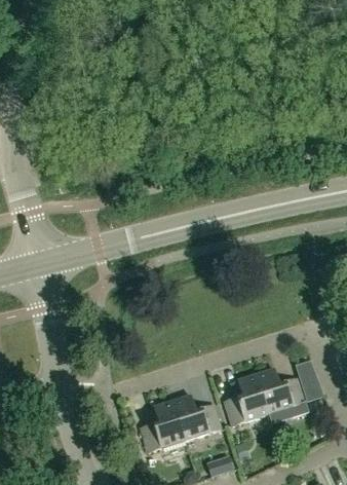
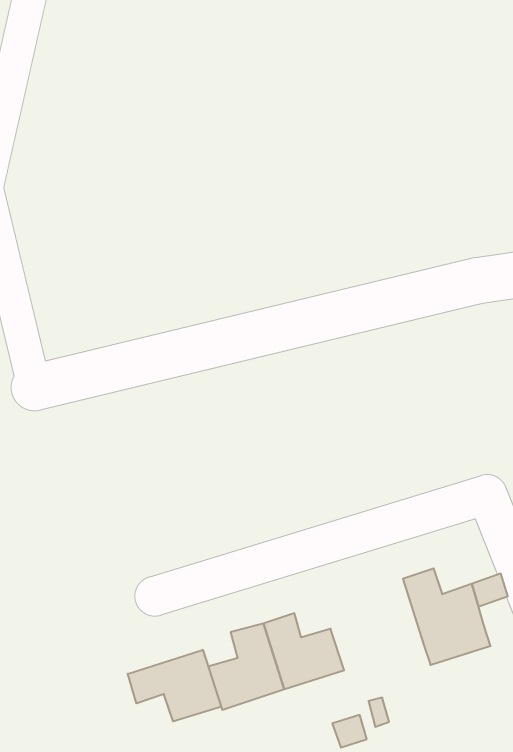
building: [224,374,268,425] -> none
building: none -> [128,650,221,721]

